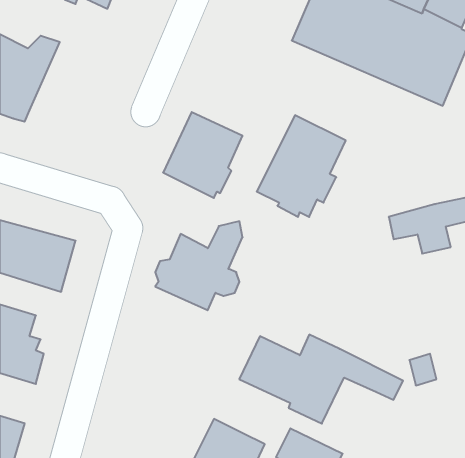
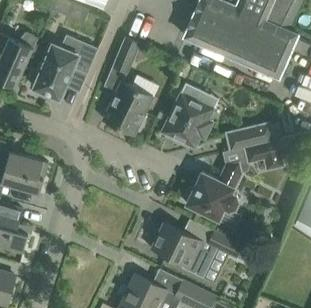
building: none -> [34,34,98,100]
building: none -> [112,36,140,72]
building: none -> [230,122,274,149]
building: [155,221,243,310] -> [186,163,241,219]

